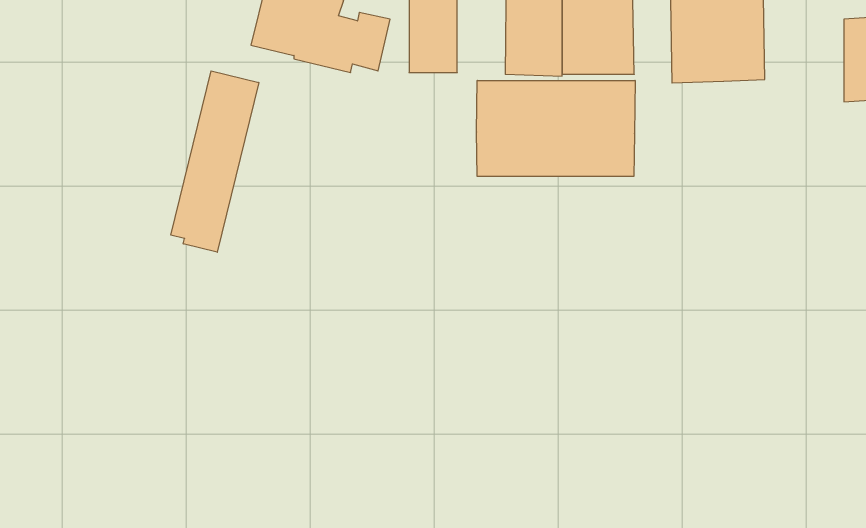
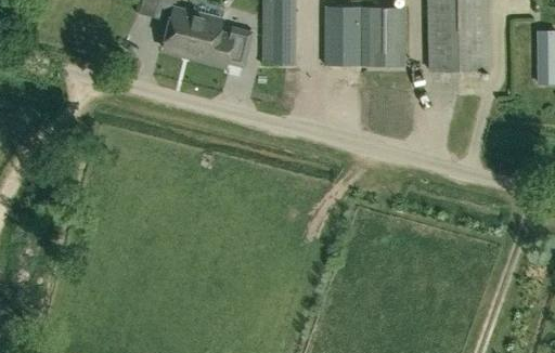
building: [171,71,259,252] -> none
building: [477,80,635,176] -> none

